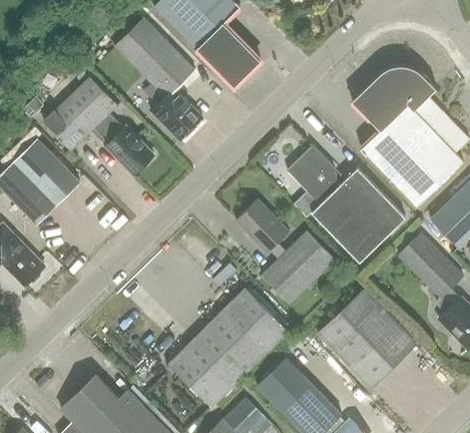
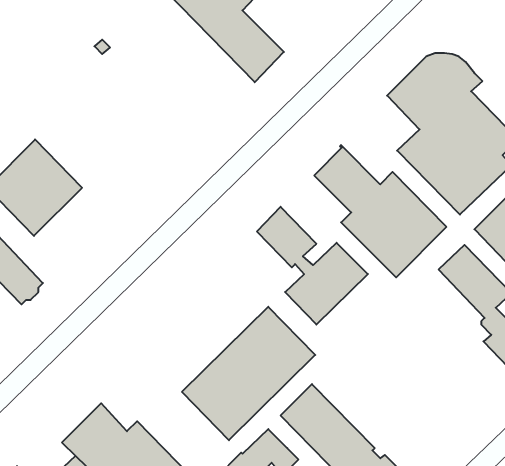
building: [114,18,201,140] -> none
building: [43,77,153,174] -> none
building: [317,288,416,387] -> none

